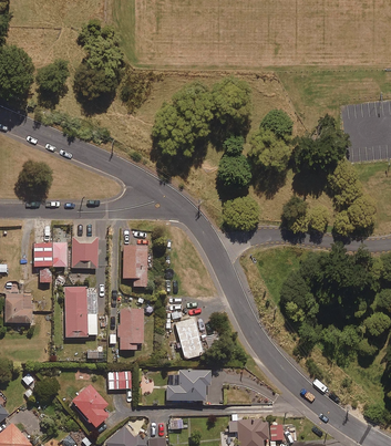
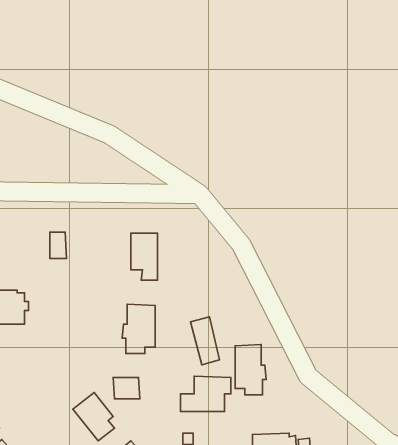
building: [71,237,97,269] -> none
building: [33,243,52,282] -> none
building: [63,288,95,339] -> none
building: none -> [235,345,266,395]

